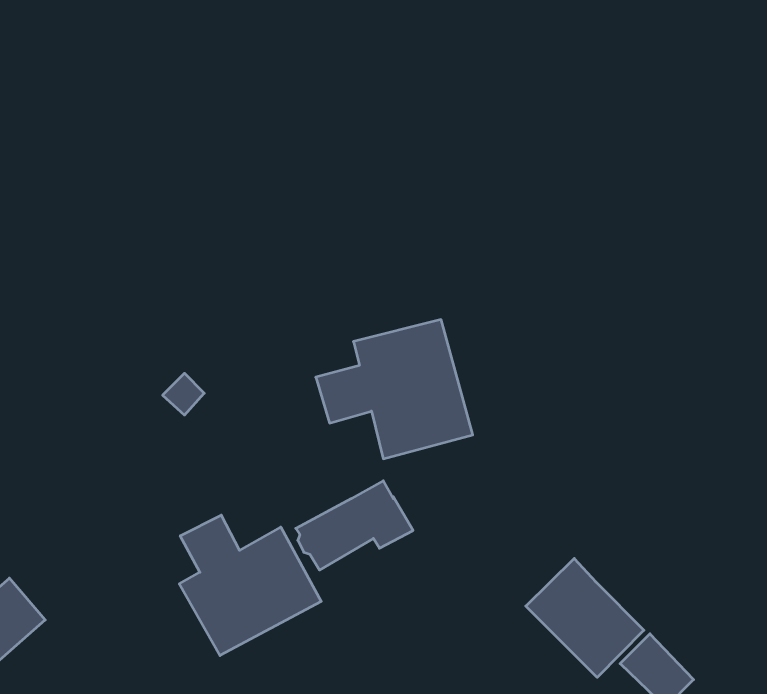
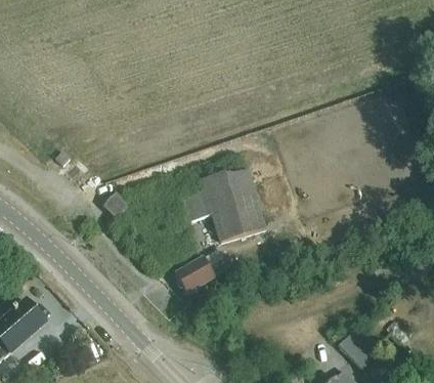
building: [179,515,321,656] -> none
building: [526,558,644,677] -> none

